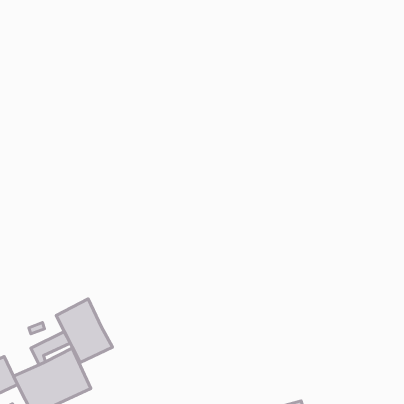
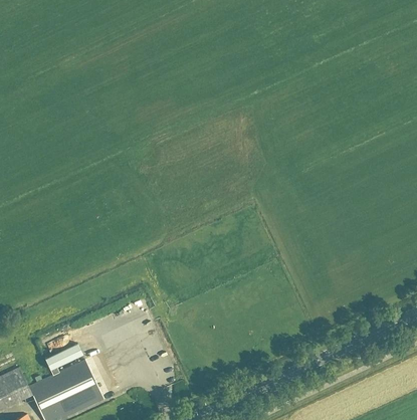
building: [56,299,112,362] -> none

